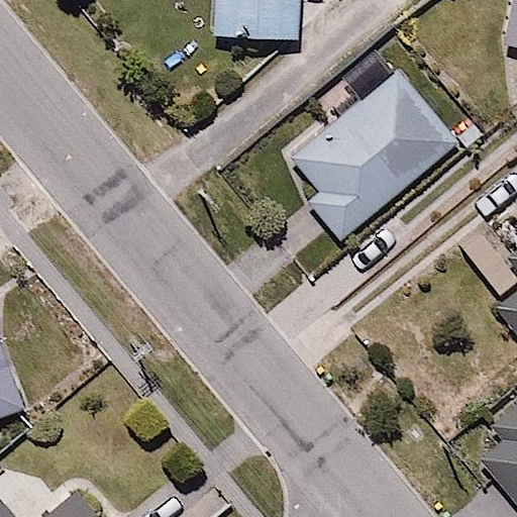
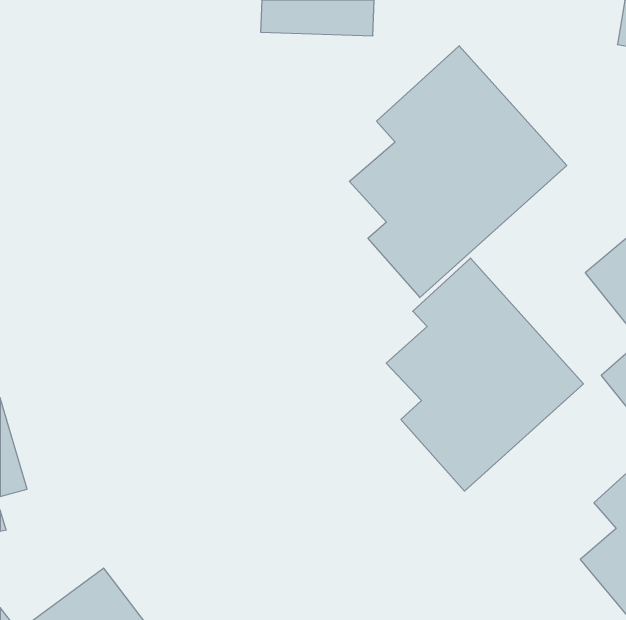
building: none -> [386,258,583,491]

